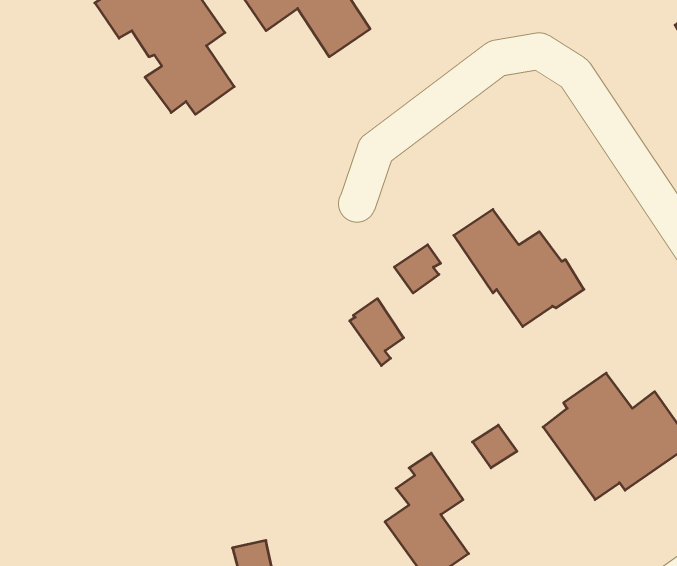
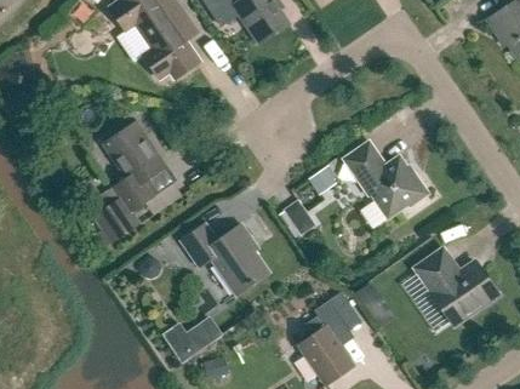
building: none -> [93,121,165,241]
building: none -> [181,223,268,293]
building: none -> [161,313,222,360]

